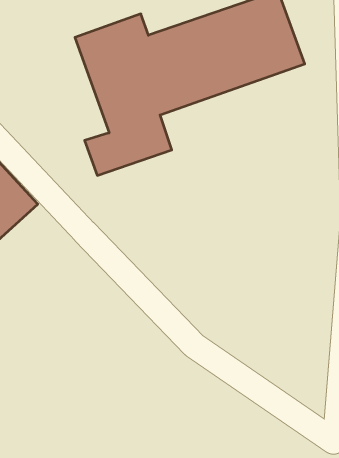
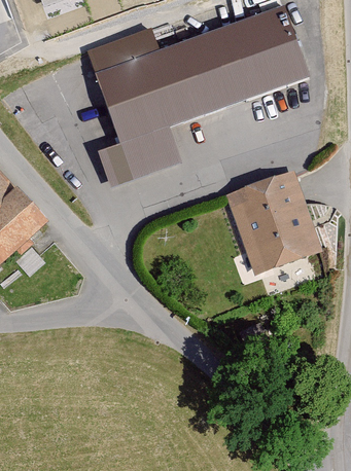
building: none -> [225,173,322,275]

